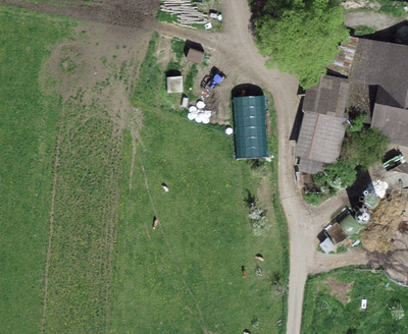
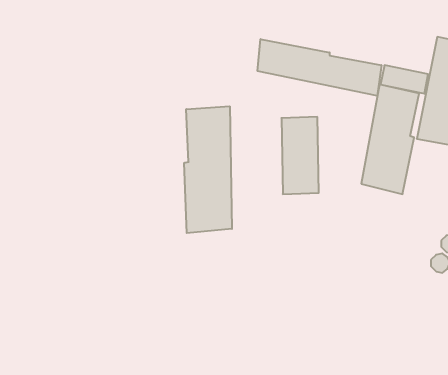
building: none -> [258,39,381,96]
building: none -> [184,106,232,233]

